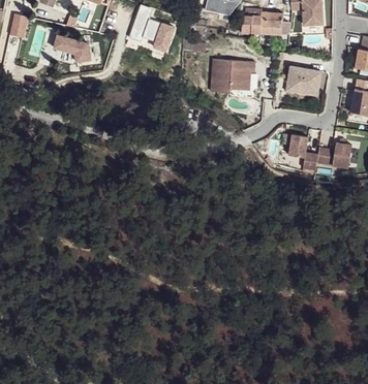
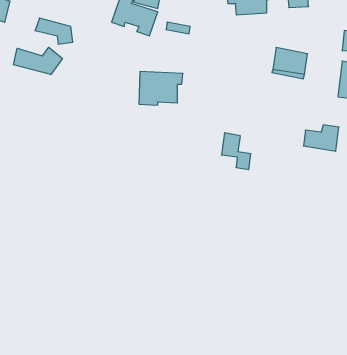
building: [212,59,255,92] -> [139,72,183,105]
building: none -> [14,47,62,75]
building: [289,133,318,169] -> [221,133,251,170]

